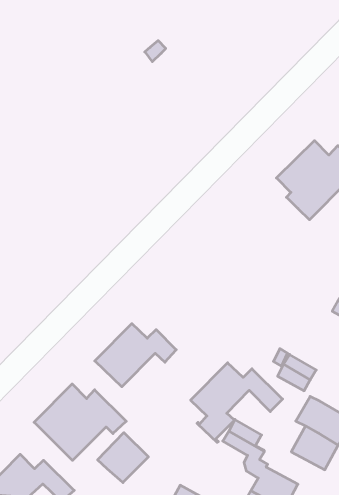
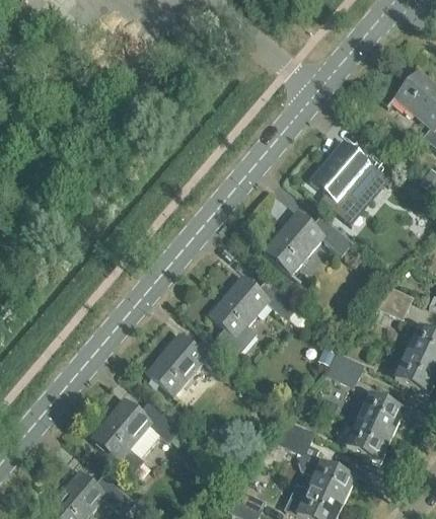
building: none -> [264,211,354,274]
building: [191,363,283,442] -> [209,276,299,355]
building: [98,433,148,483] -> none

